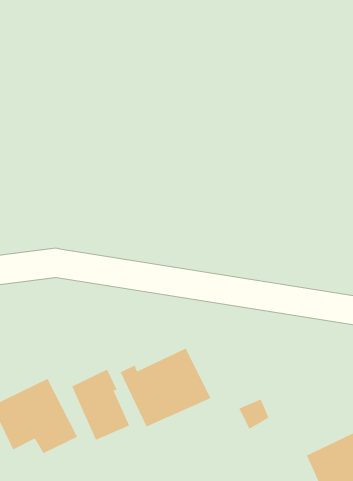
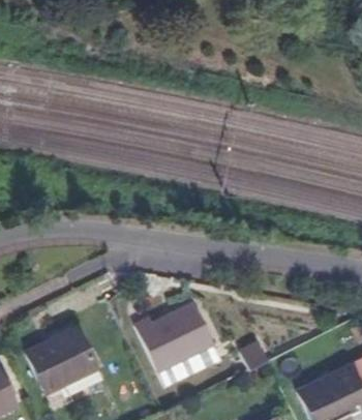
building: [71,369,130,441] -> none

